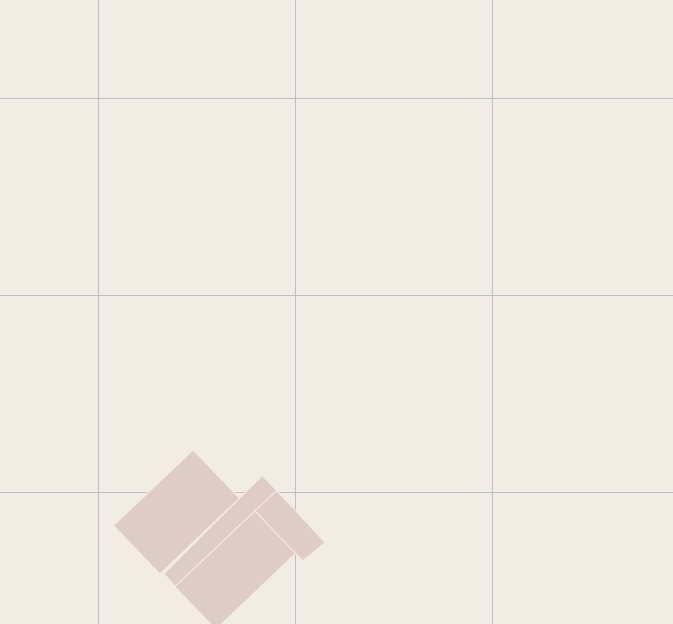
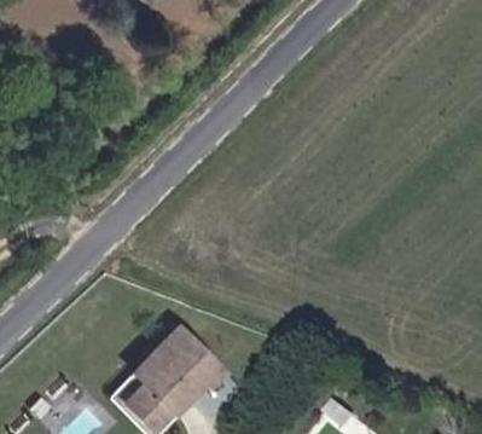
building: [114,450,239,574] -> none

